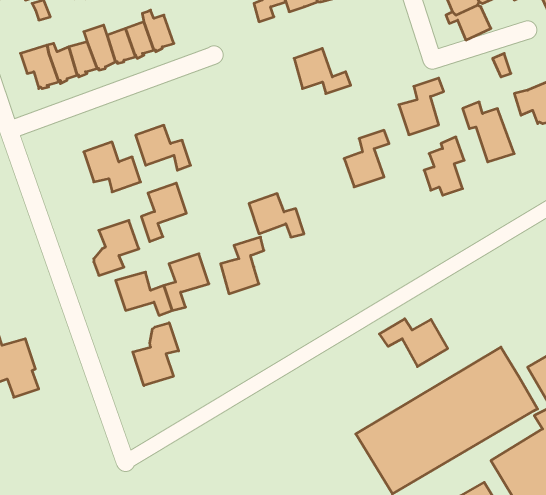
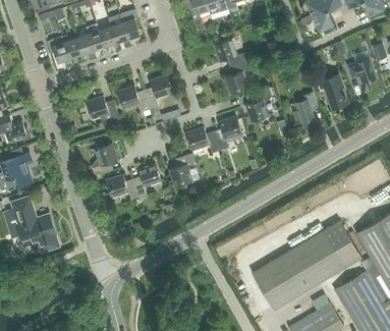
building: [399,78,444,135] -> [224,60,252,95]
building: none -> [215,115,242,151]
building: [141,183,186,242] -> [146,73,173,109]
building: [379,319,448,367] -> none
building: [133,323,179,386] -> none

